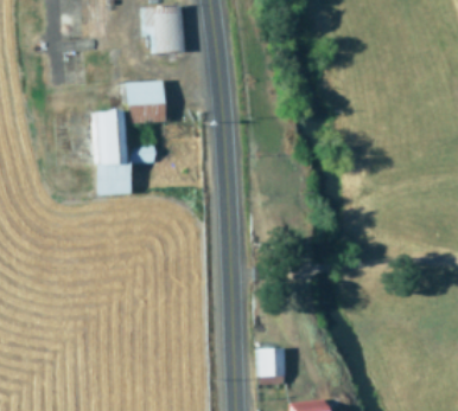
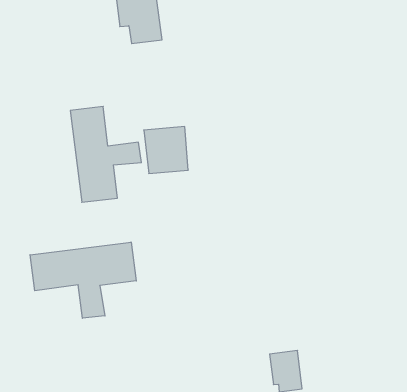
building: [126,82,164,122] -> [144,127,188,173]
building: none -> [30,242,136,318]

